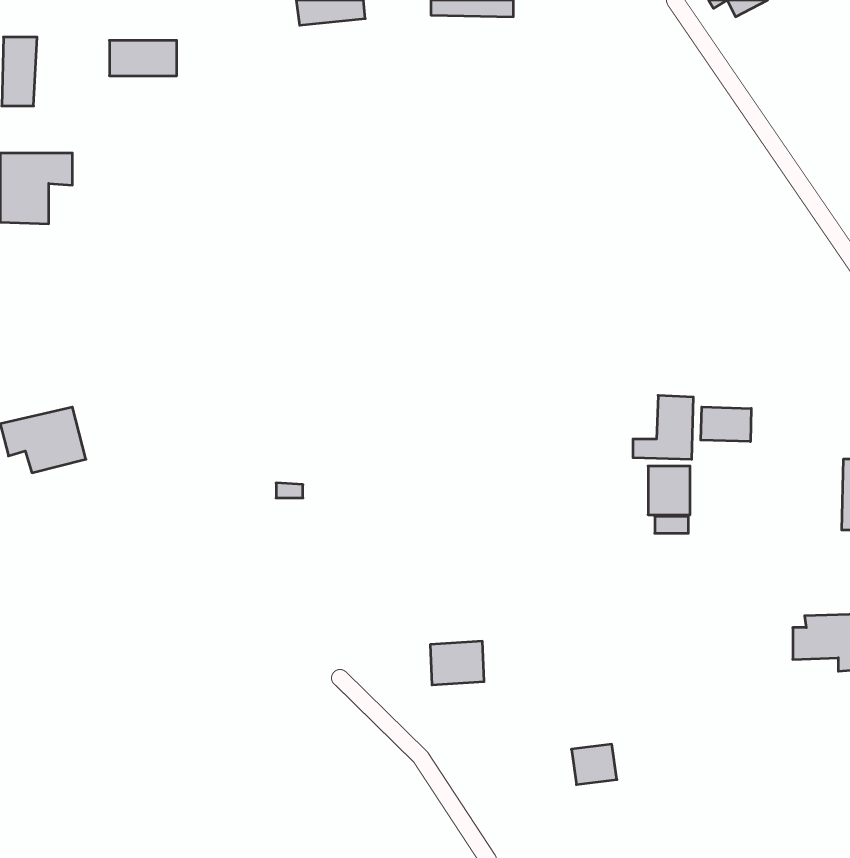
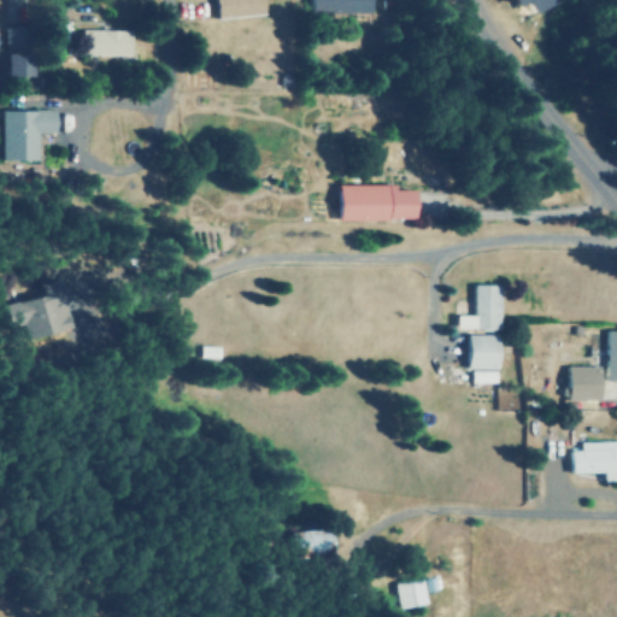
building: none -> [342,184,418,221]
building: [701,407,751,442] -> none
building: none -> [571,366,604,401]
building: [430,641,484,685] -> [295,528,334,559]
building: [571,744,617,785] -> [399,580,431,609]

